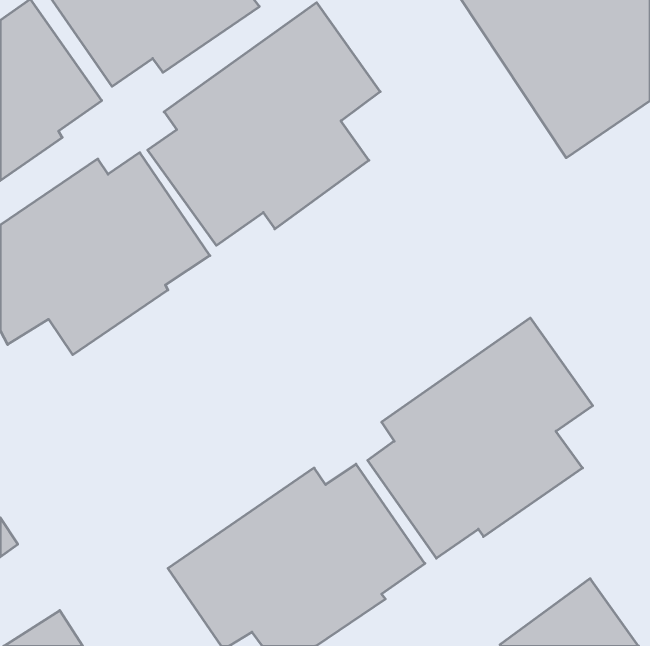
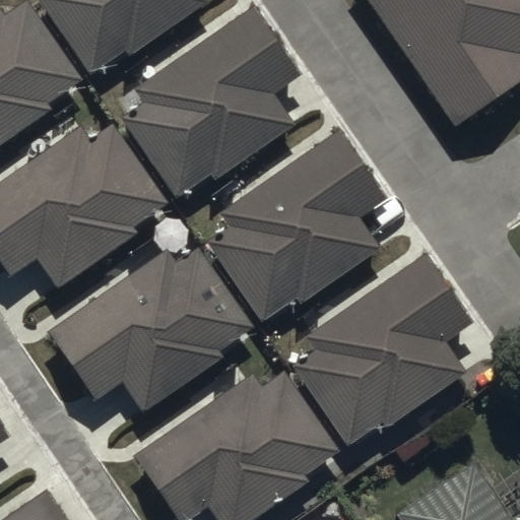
building: none -> [207,127,388,321]
building: none -> [46,250,250,406]

